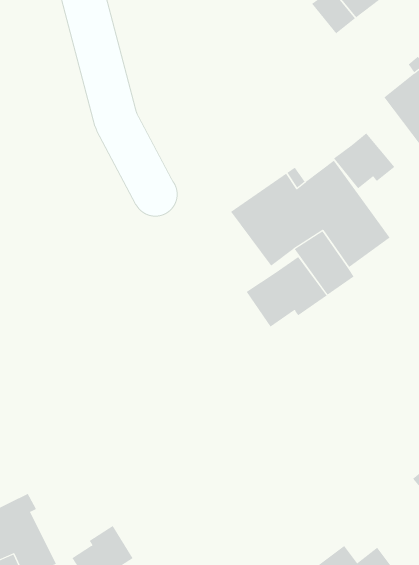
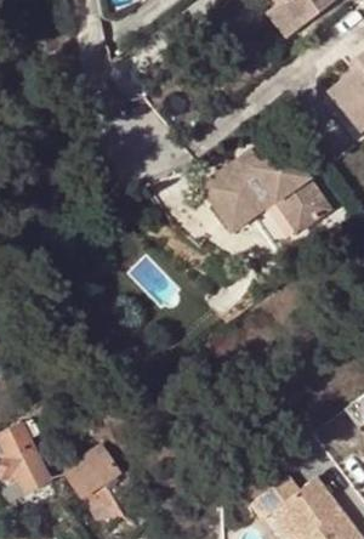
building: [333,133,395,189] -> none
building: [246,256,327,328] -> none

